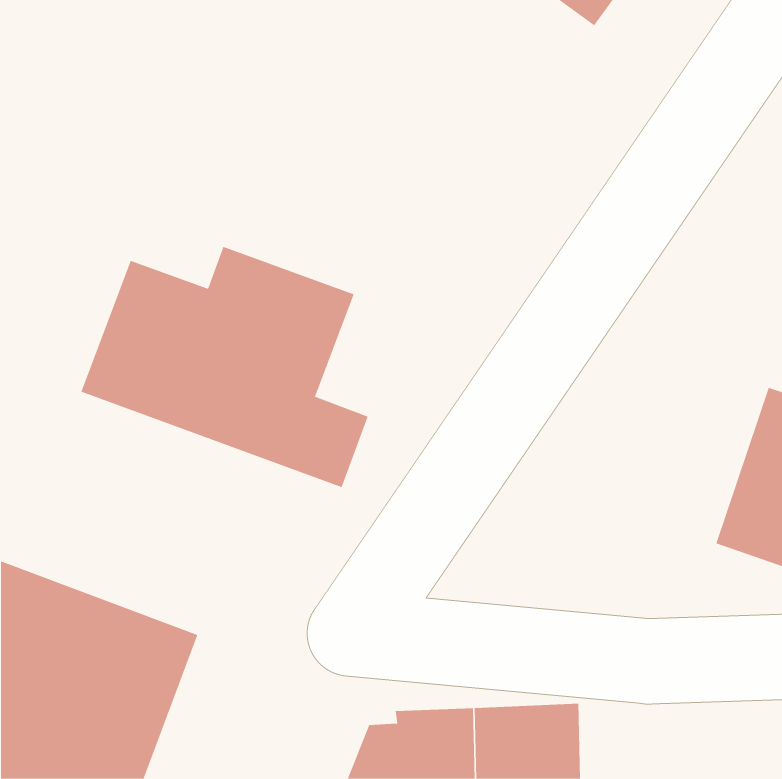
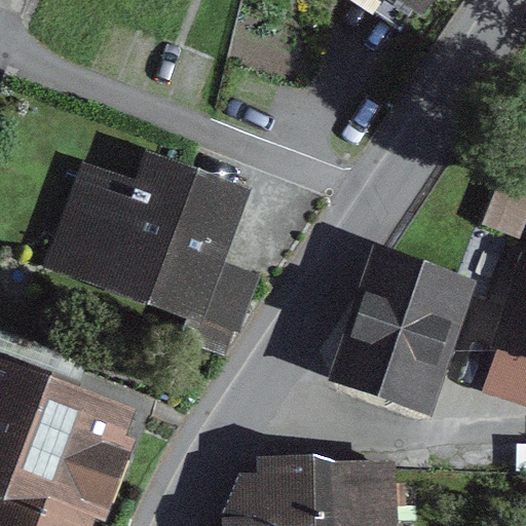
building: none -> [327,250,475,420]

